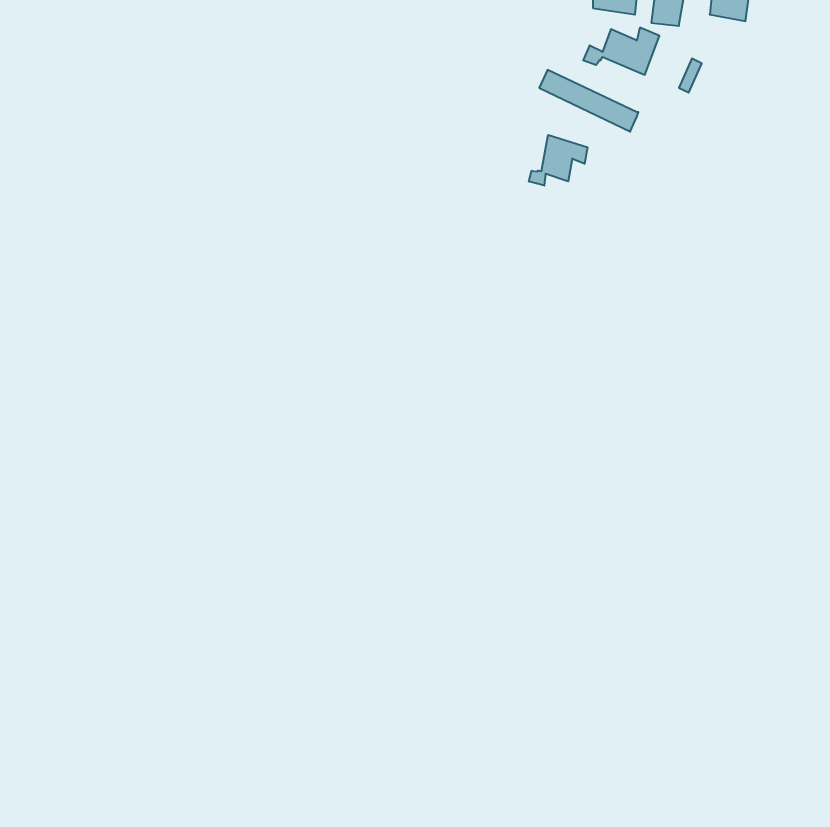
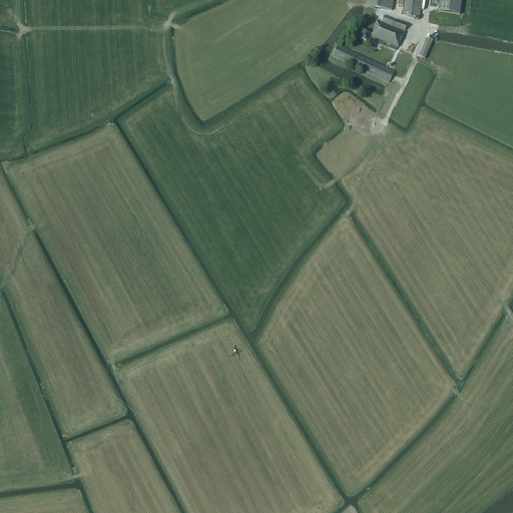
building: [529,135,588,186] -> none

